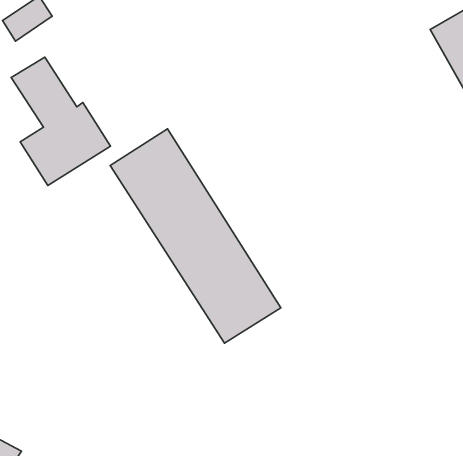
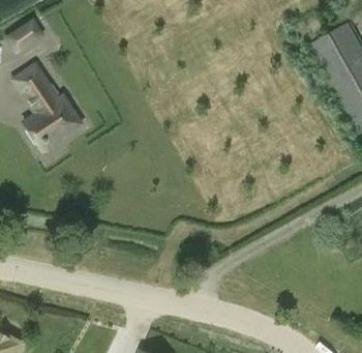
building: [110,129,281,343] -> none

